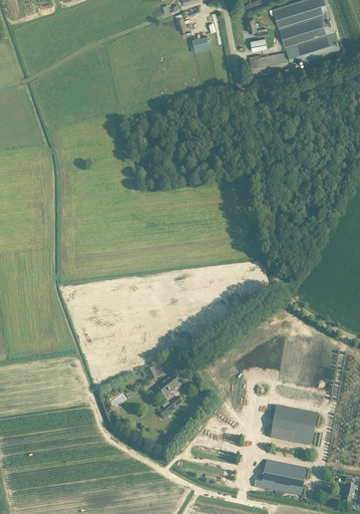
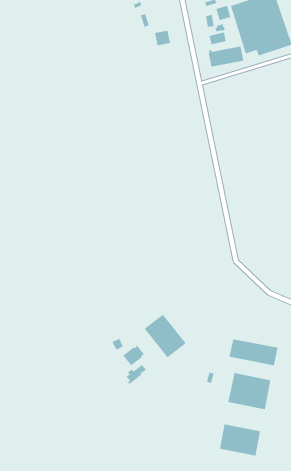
building: none -> [144,314,187,358]
building: none -> [229,338,278,366]

